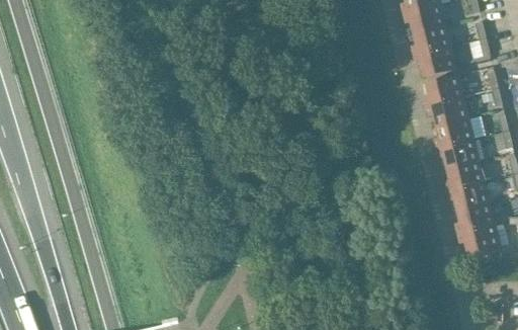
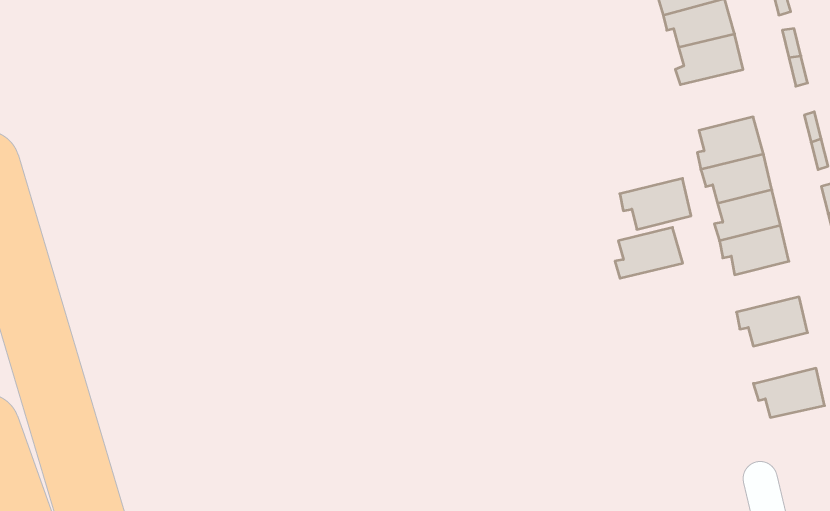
building: [415,48,457,78] -> [620,178,691,229]
building: [445,162,486,192] -> [615,227,683,278]
building: [456,204,496,235] -> none

